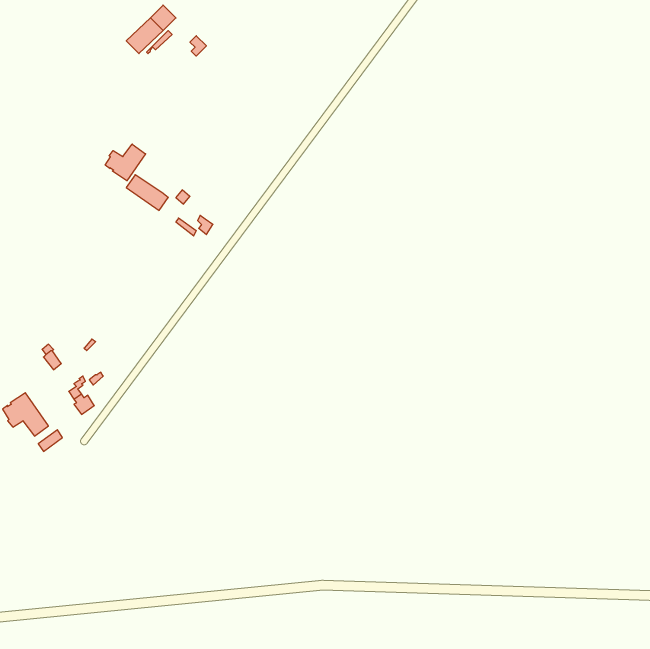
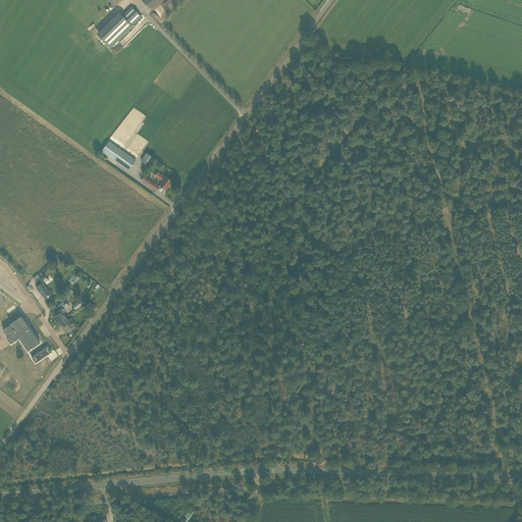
building: [105,144,146,181] -> none

